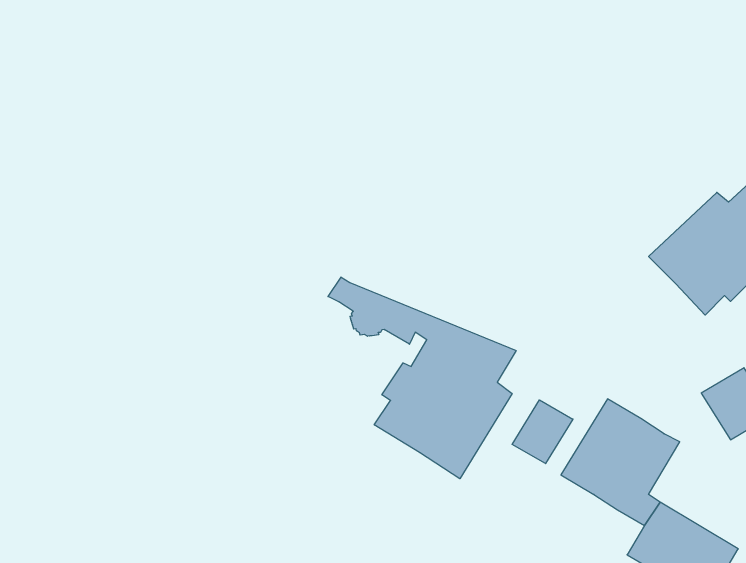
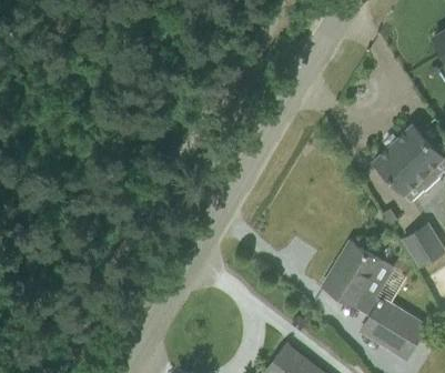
building: [328,277,516,479] -> none
building: [512,400,573,464] -> none

